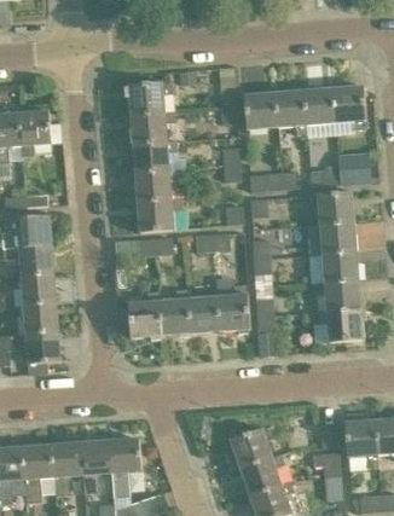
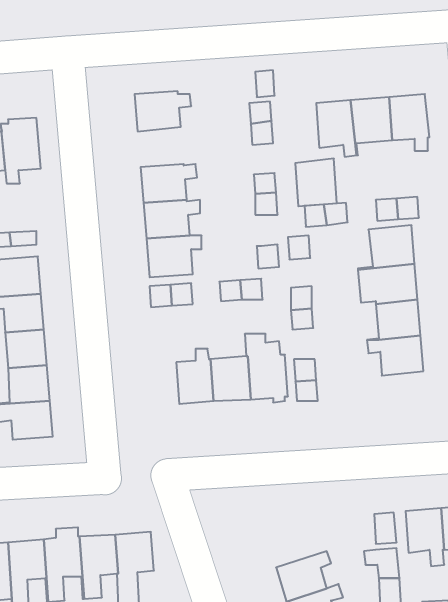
building: [242,91,276,129] -> [295,159,337,206]
building: [128,110,174,143] -> none
building: [128,291,162,340] -> none
building: [317,308,366,342] -> none
building: [230,428,282,468] -> none

